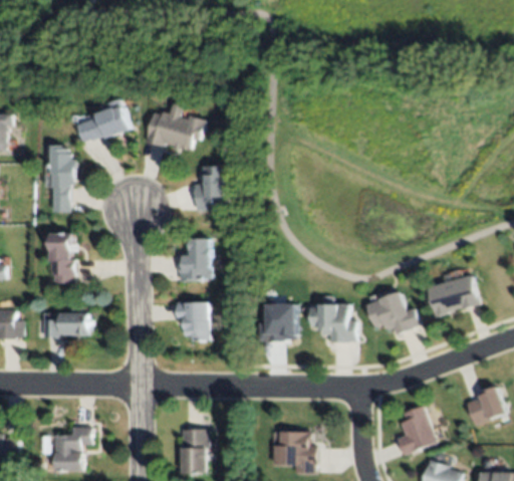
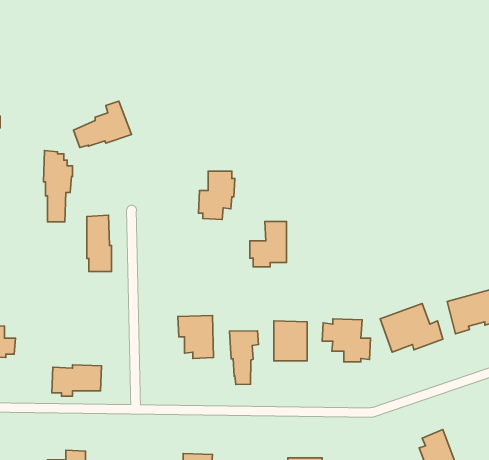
building: [146,103,205,152] -> none
building: [51,229,74,281] -> [87,215,112,271]
building: [176,237,210,279] -> [250,222,286,267]
building: [42,309,88,338] -> [52,365,101,396]
building: none -> [229,331,258,385]

